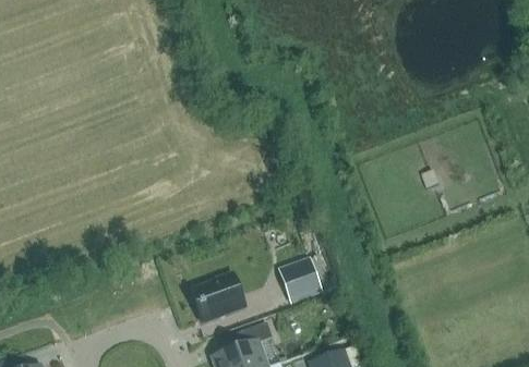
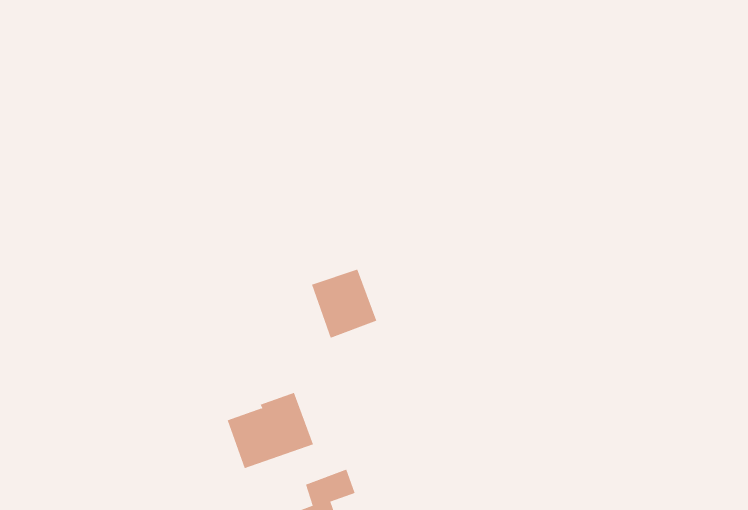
building: [278,258,320,302] -> [311,269,377,338]

